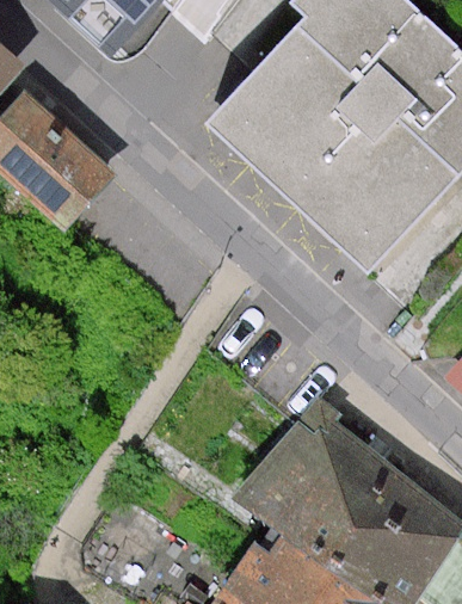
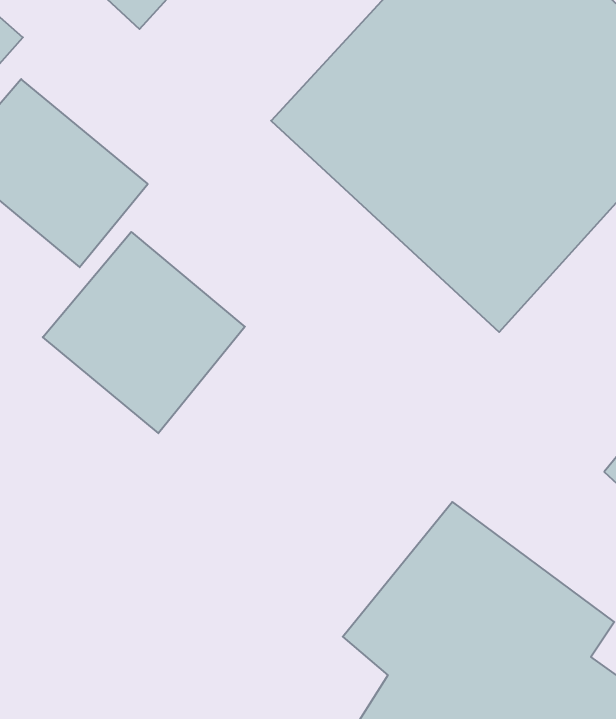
building: none -> [43,232,245,433]

